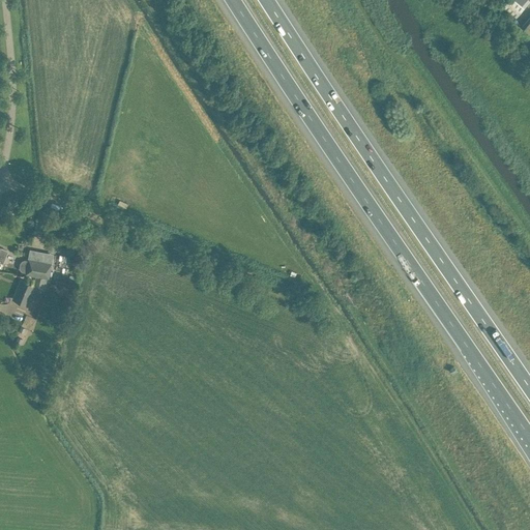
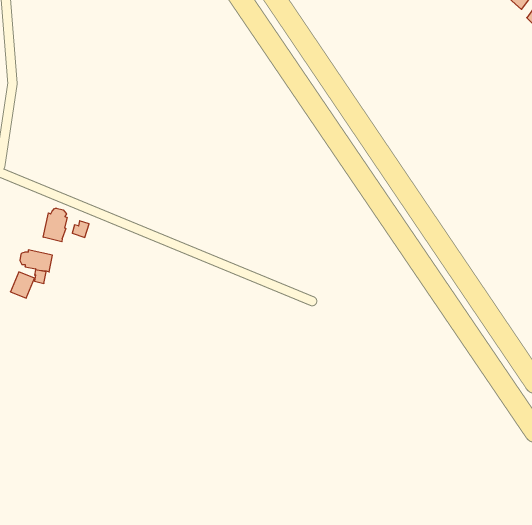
building: none -> [43,208,67,242]

